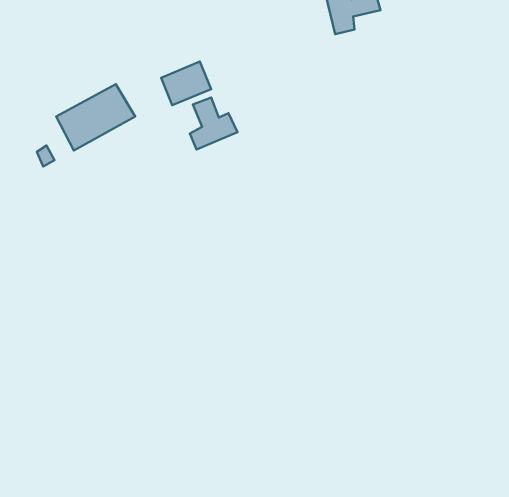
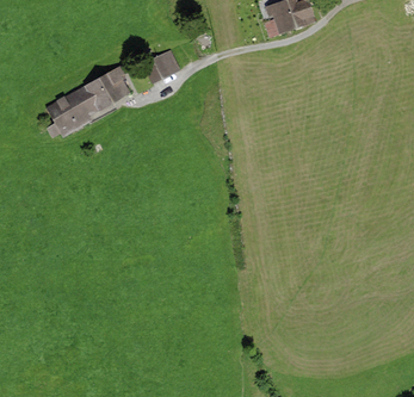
building: [190,97,237,149] -> none

